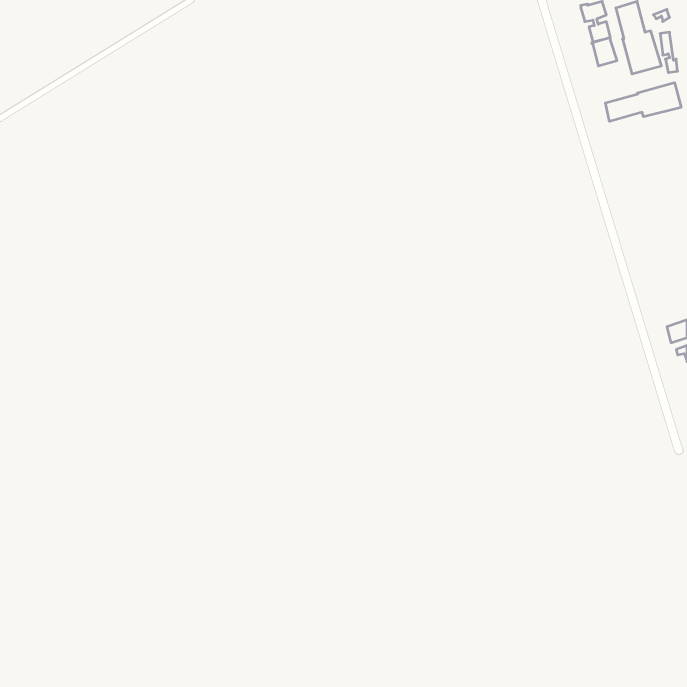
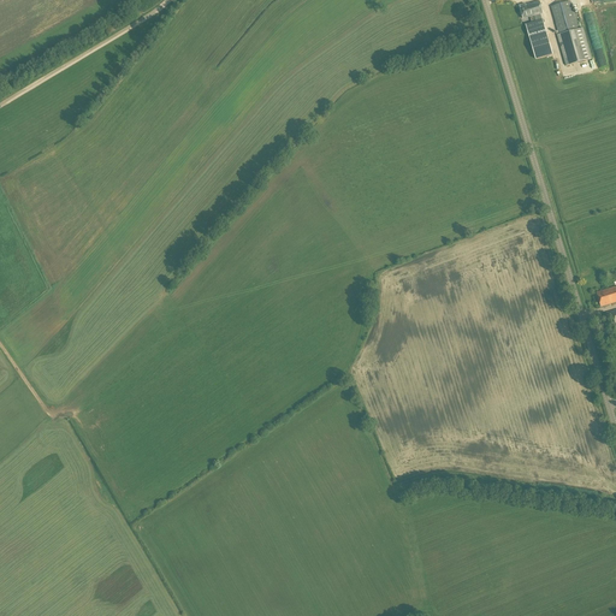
building: [605,83,681,121] -> none

